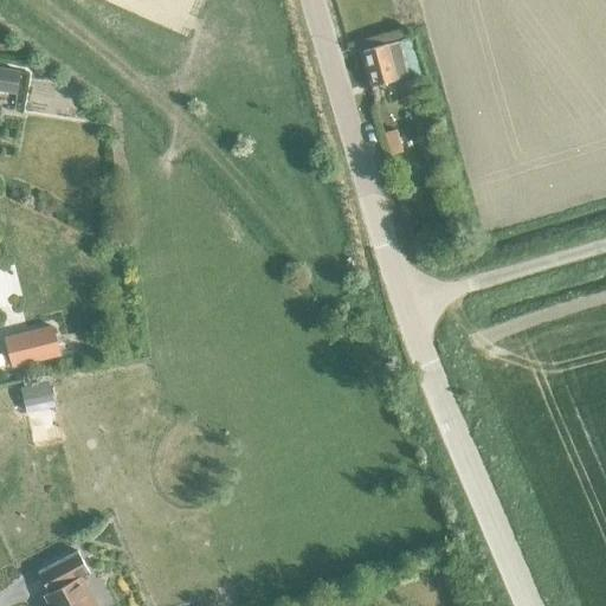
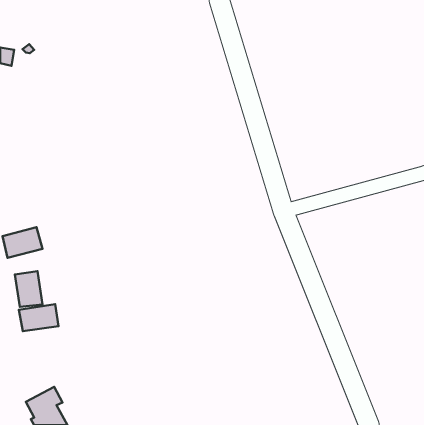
building: [363,43,405,86] -> none
building: none -> [19,304,58,331]

